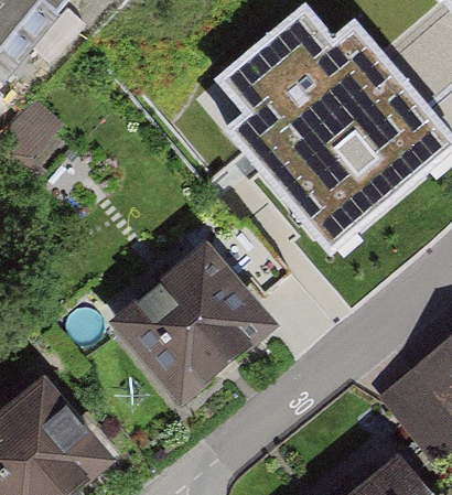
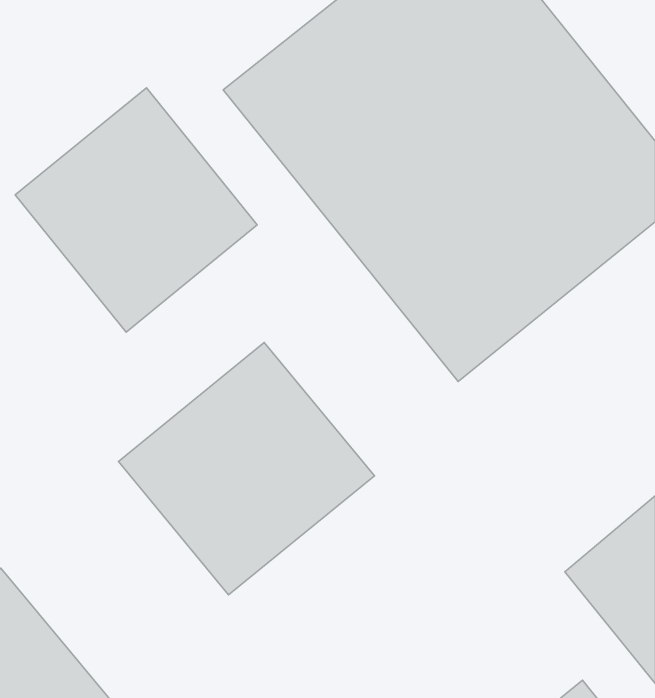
building: none -> [15,88,257,332]

